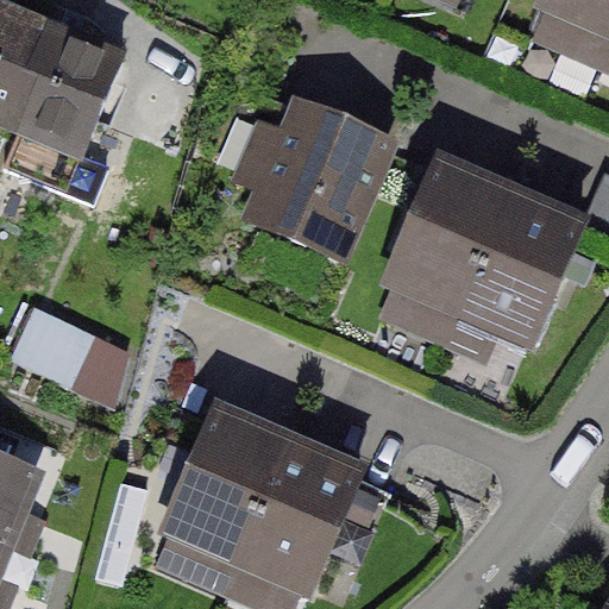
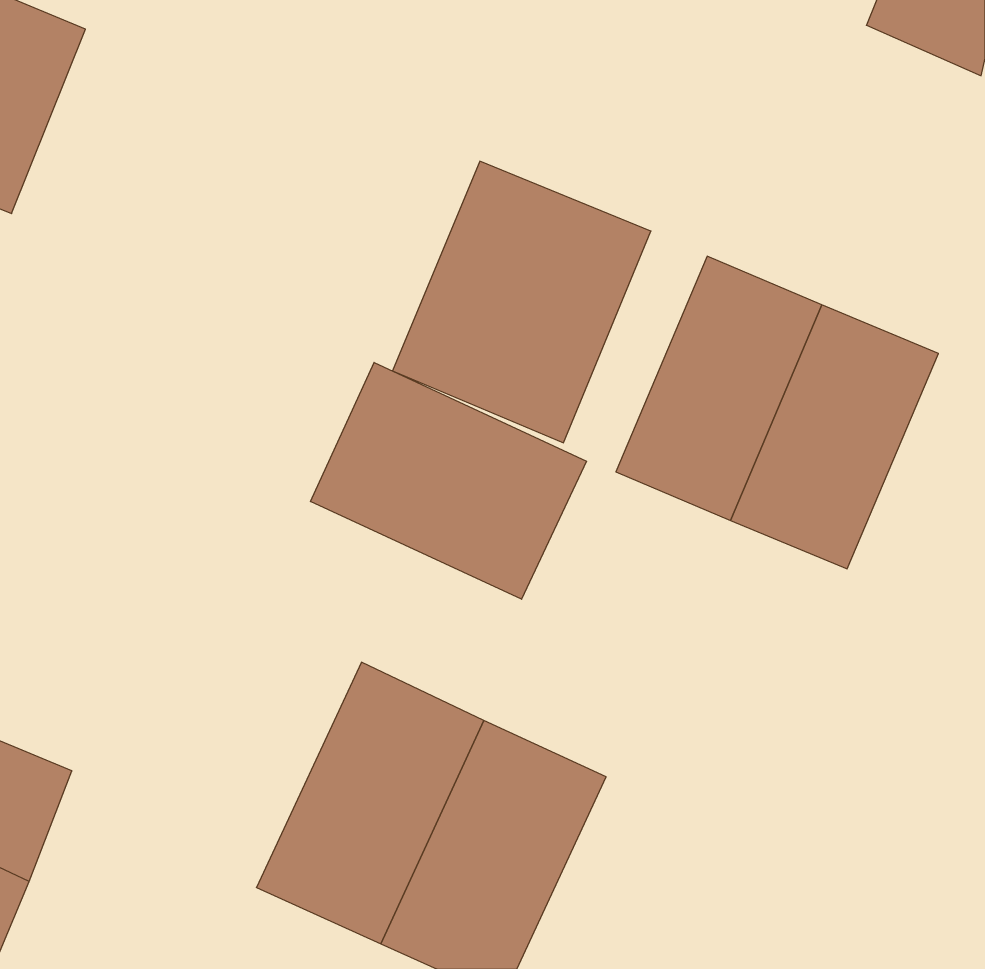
building: [7,18,113,156] -> none
building: none -> [311,362,587,599]
building: [14,296,136,384] -> none

